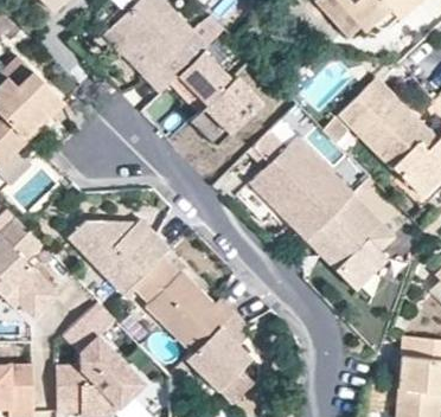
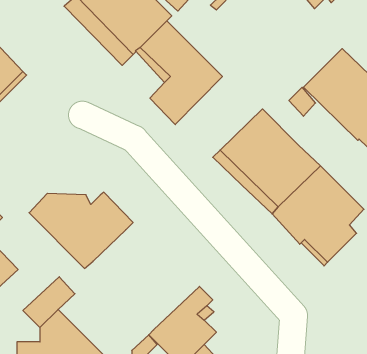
building: [130,255,235,353] -> none

